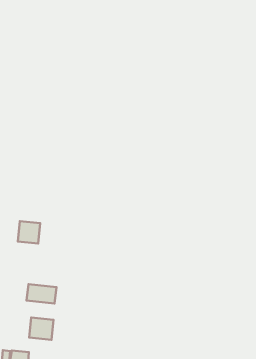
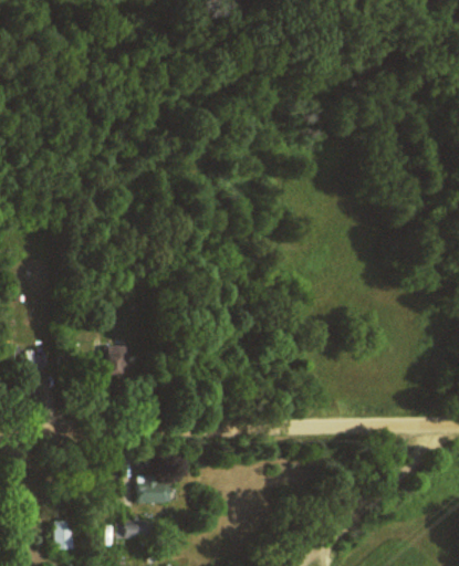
building: [27,284,56,304] -> none

